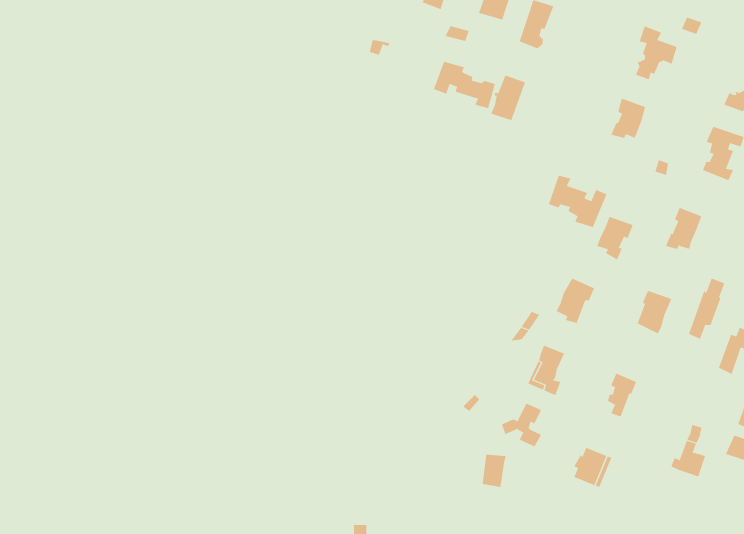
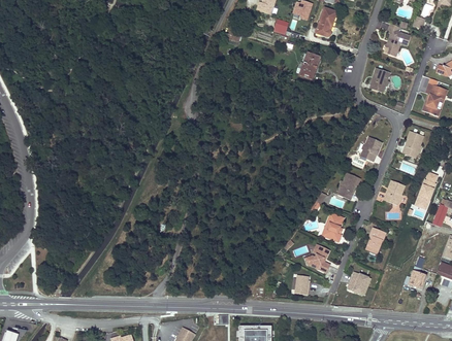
building: [433,61,496,109] -> none
building: [548,175,607,228] -> none

